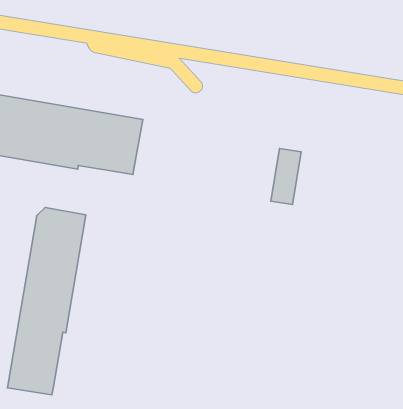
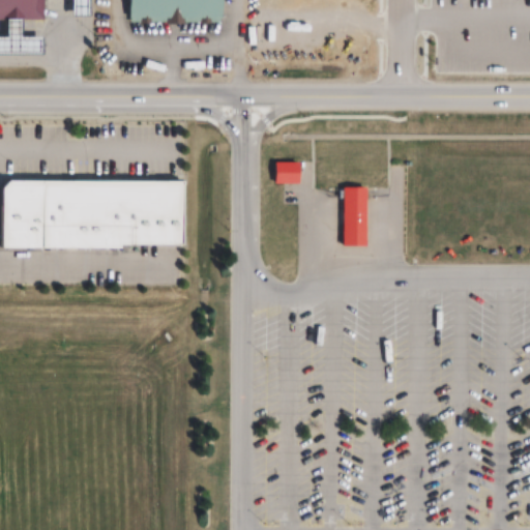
building: [7,207,86,395] -> none

